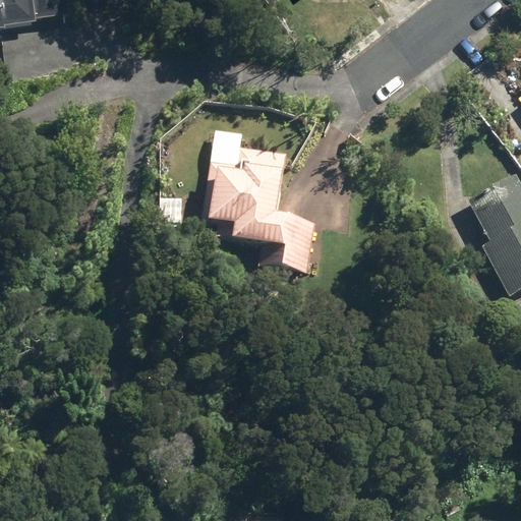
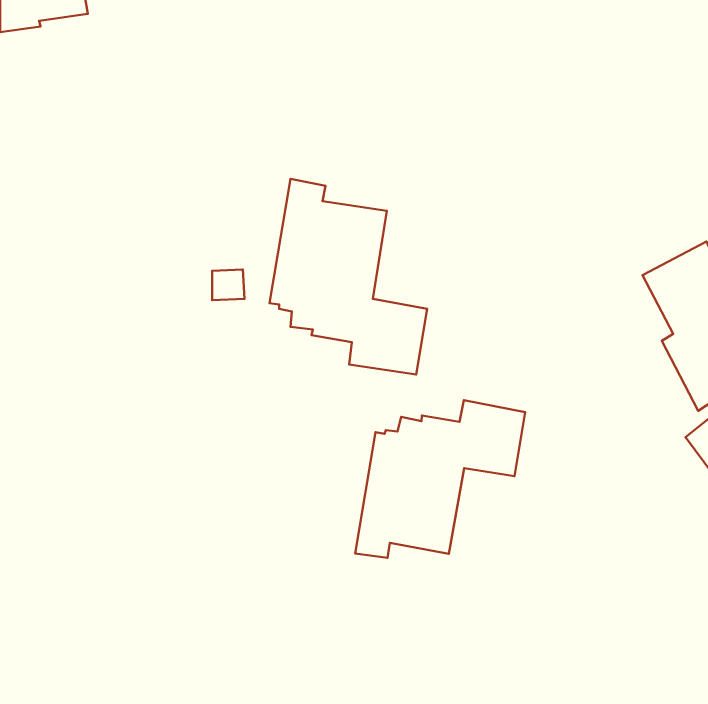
building: none -> [355,400,525,558]

